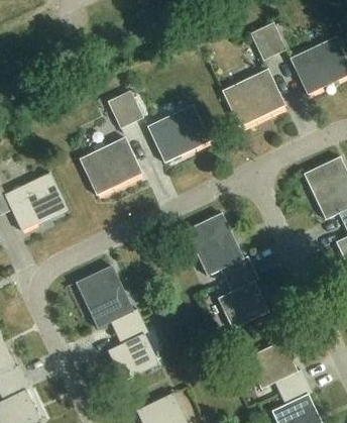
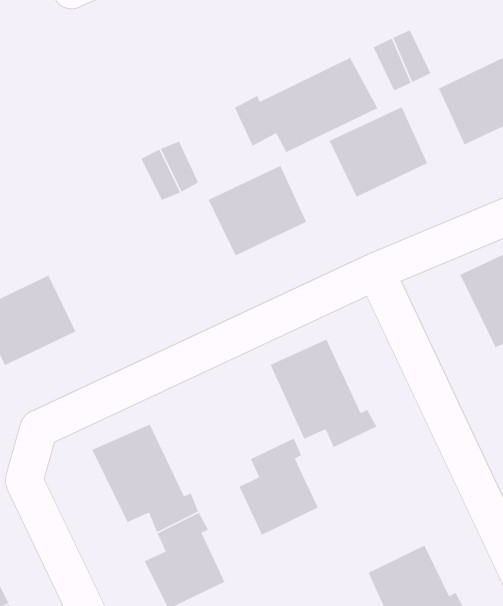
building: none -> [234,57,379,153]
building: [80,138,142,196] -> none
building: [219,268,268,328] -> [239,438,319,536]

